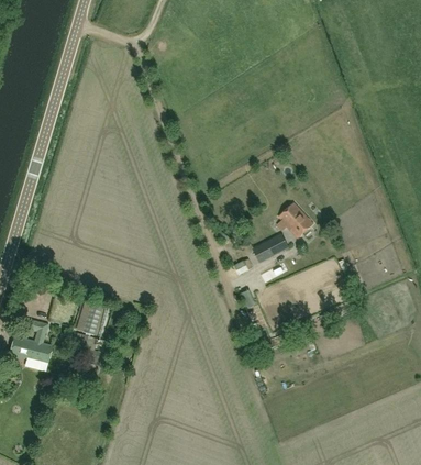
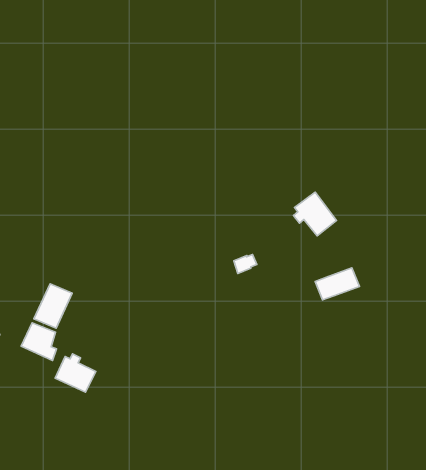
building: [253,234,289,263] -> [315,268,359,300]
building: none -> [55,354,96,392]

